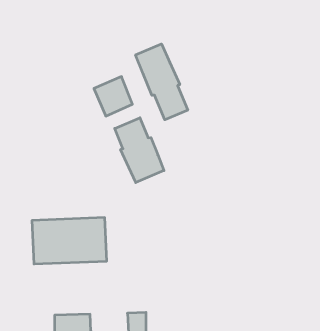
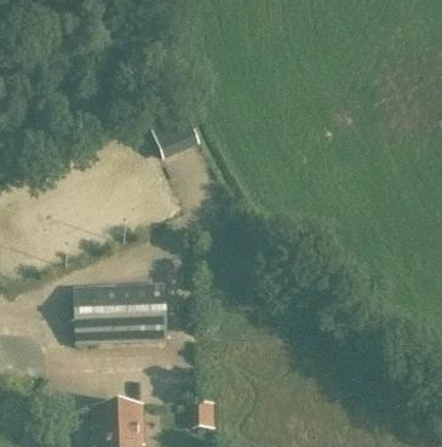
building: [136,44,188,120] -> none
building: [115,118,164,183] -> none

